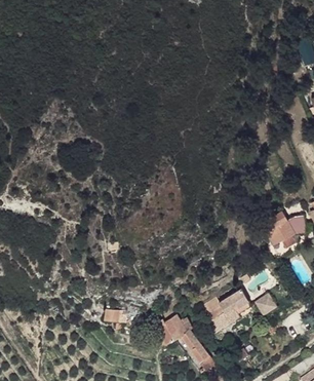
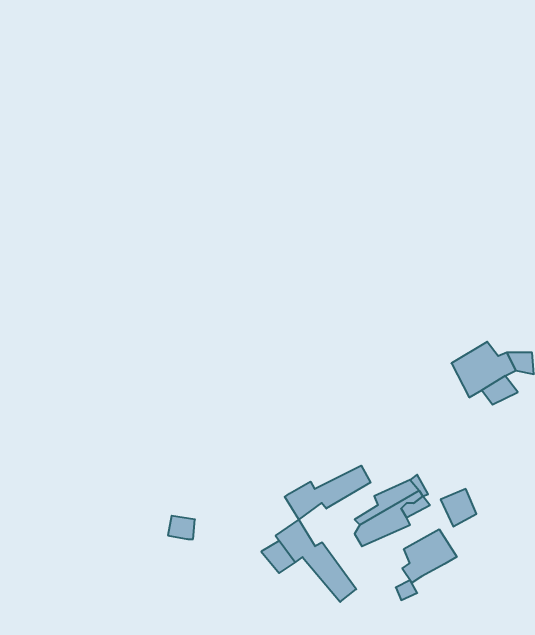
building: none -> [285,466,371,519]
building: none -> [402,529,457,583]

